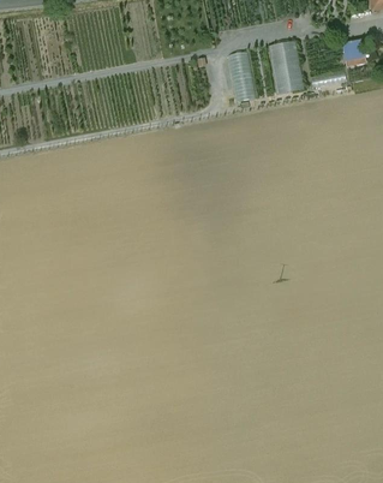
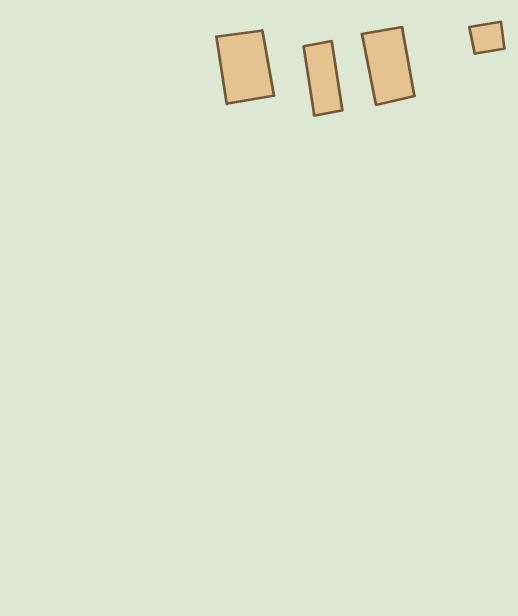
building: none -> [216,30,274,104]

